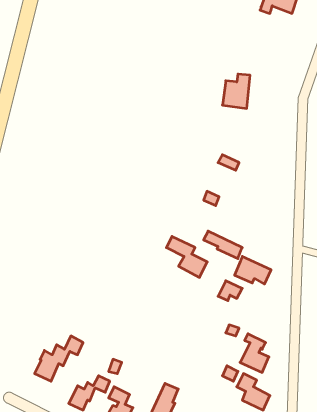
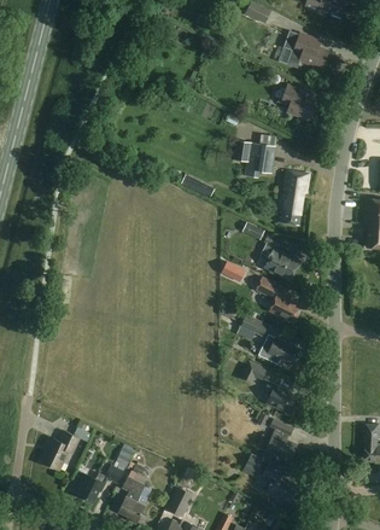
building: none -> [281,83,316,118]
building: none -> [279,169,310,223]
building: none -> [261,234,300,279]
building: [166,236,207,277] -> [256,276,300,321]
building: none -> [265,382,298,413]

